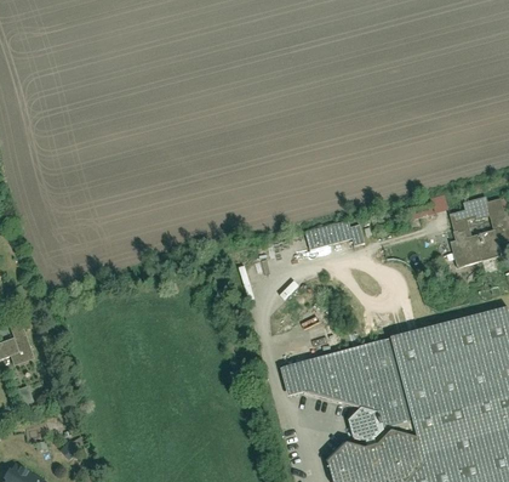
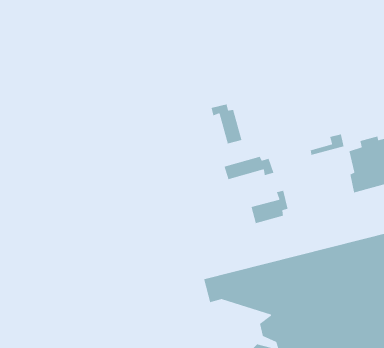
building: none -> [211,104,242,145]
building: none -> [250,190,289,224]

